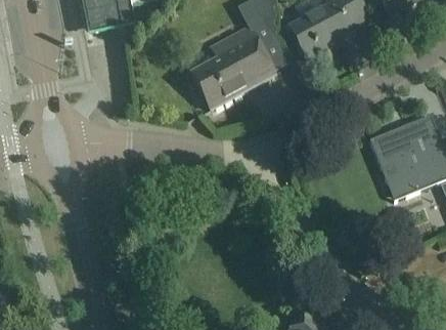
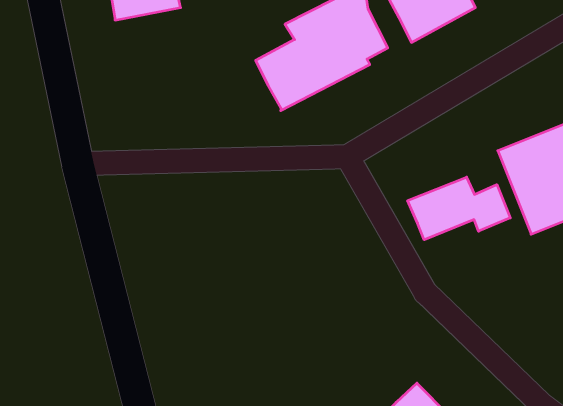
building: none -> [408,177,510,240]

